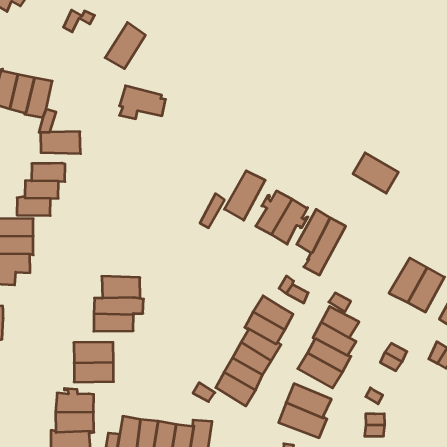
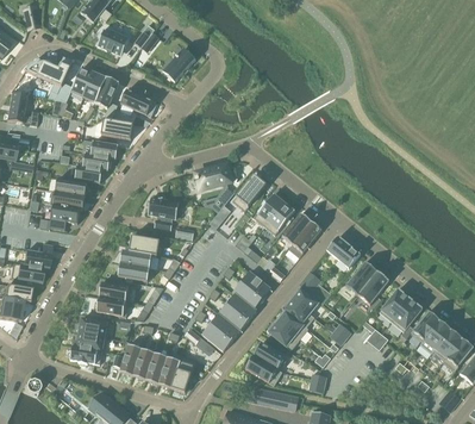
building: none -> [98,26,130,56]
building: [119,86,166,119] -> [119,88,156,116]
building: [353,153,398,193] -> [326,235,361,268]
building: none -> [195,164,231,189]
building: none -> [148,197,179,230]

